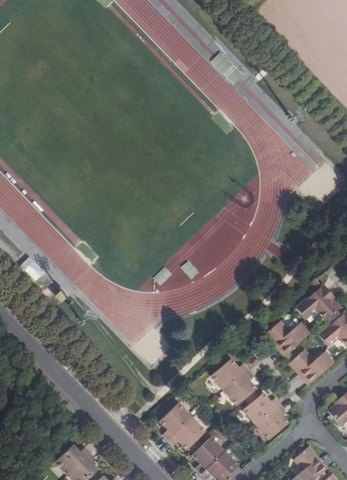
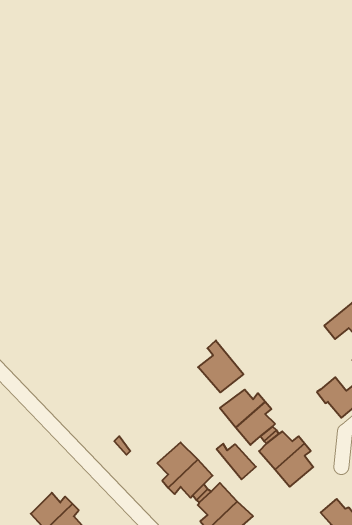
building: none -> [198,340,243,392]
building: [266,320,310,354] -> none
building: none -> [217,444,256,479]

